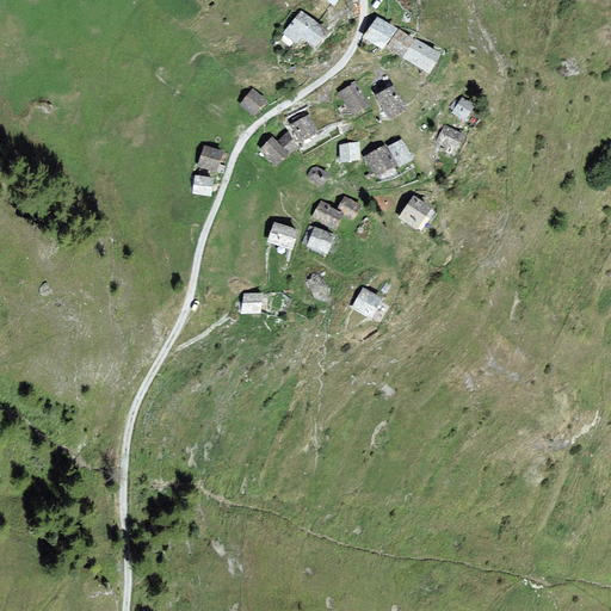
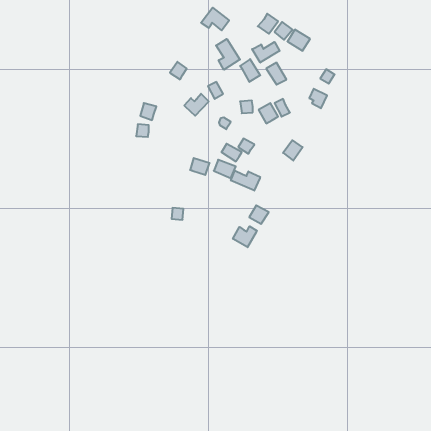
building: none -> [216,39,240,70]
building: none -> [252,42,280,63]
building: none -> [231,171,260,191]
building: none -> [233,226,257,247]

